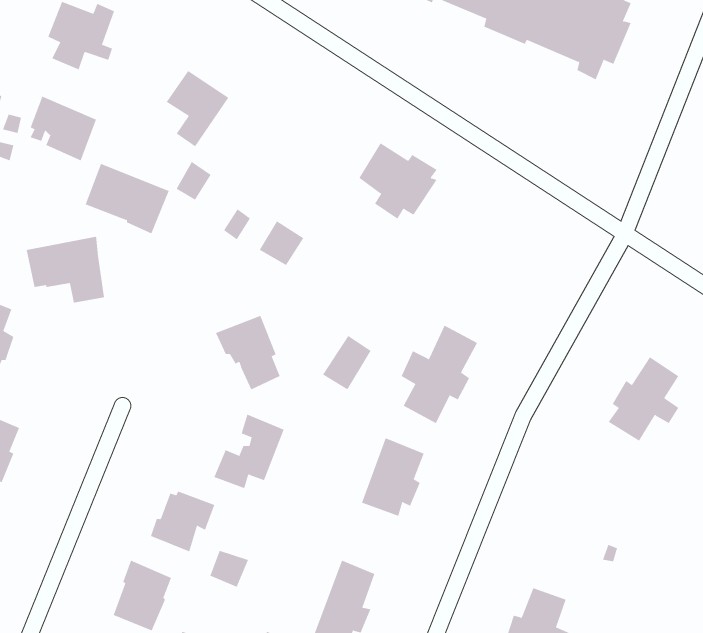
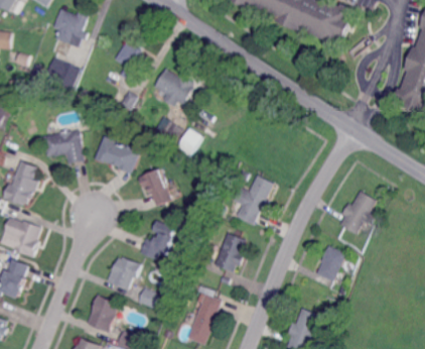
building: [358,142,437,219] -> [154,69,194,108]
building: [85,163,170,234] -> [95,136,138,172]
building: [322,335,372,390] -> [175,128,200,156]
building: none -> [315,245,344,281]

